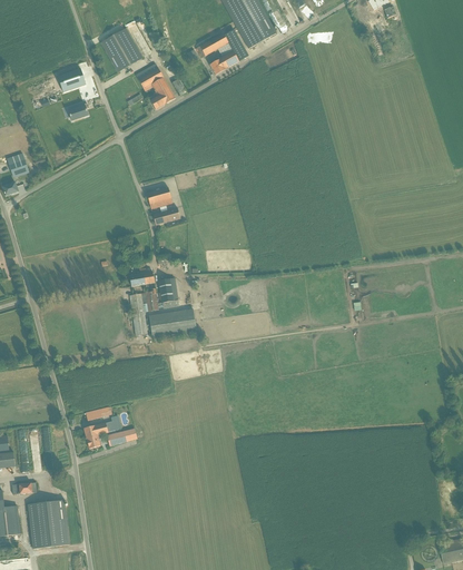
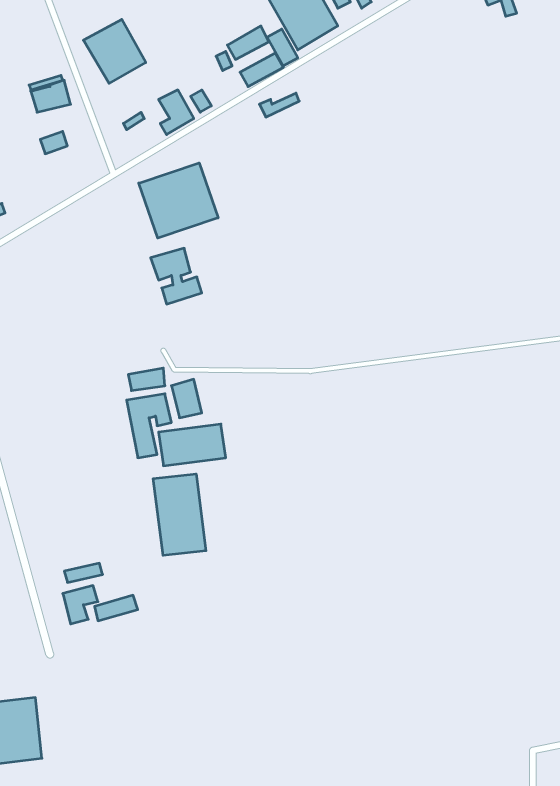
building: none -> [139,163,218,238]
building: none -> [153,474,206,555]

